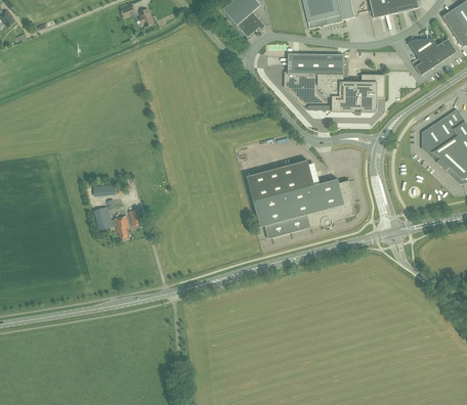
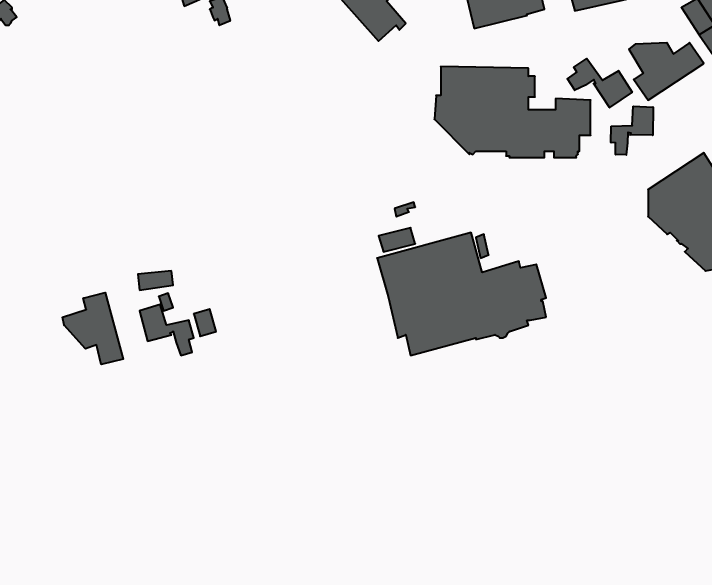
building: none -> [567,59,632,108]
building: none -> [611,106,653,155]
building: none -> [62,293,123,364]

